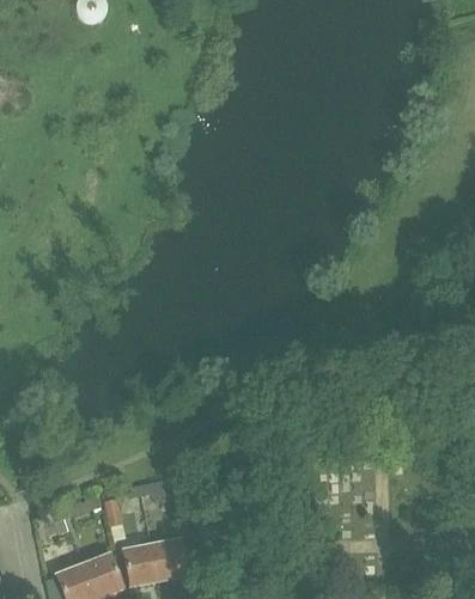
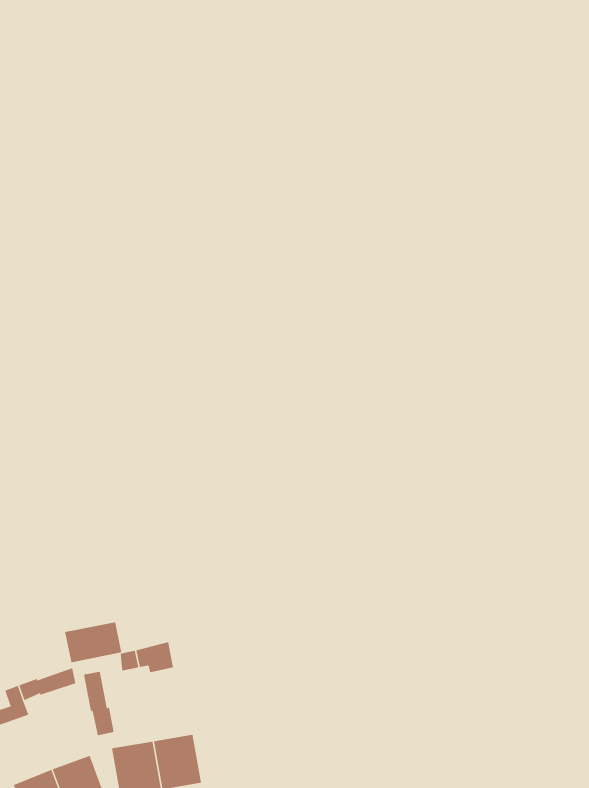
building: none -> [65,621,122,663]

